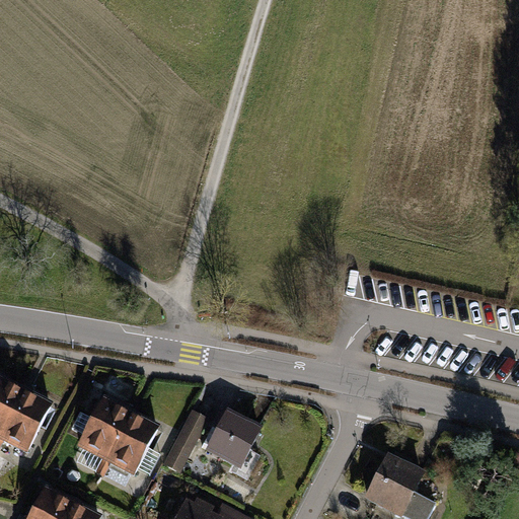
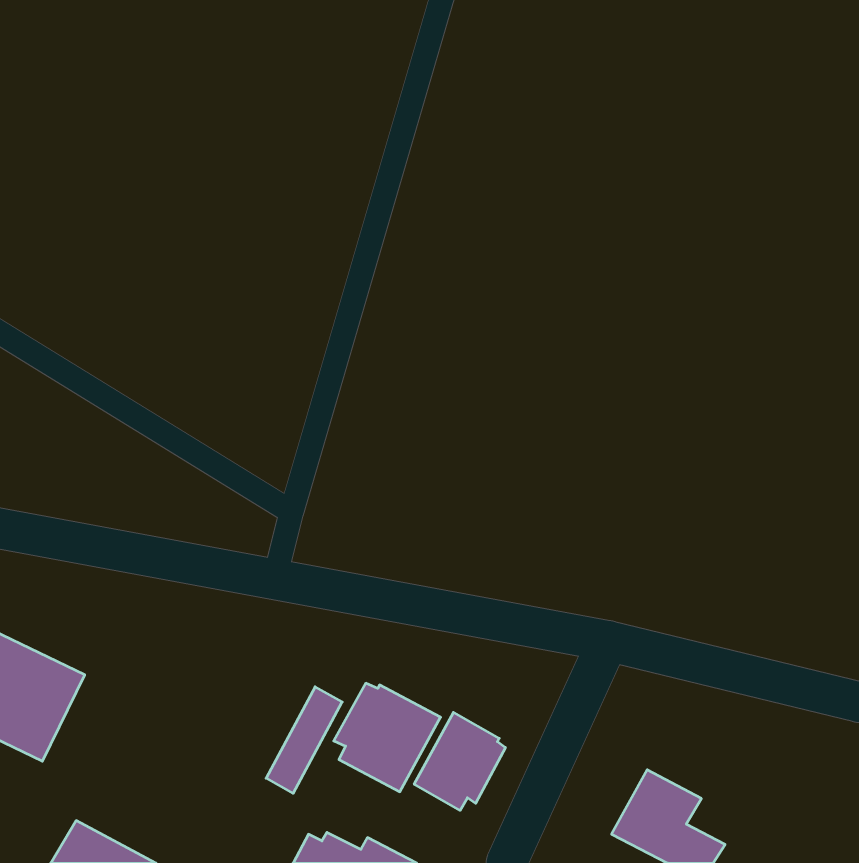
building: [78,399,159,477] -> none
building: none -> [414,712,505,810]

